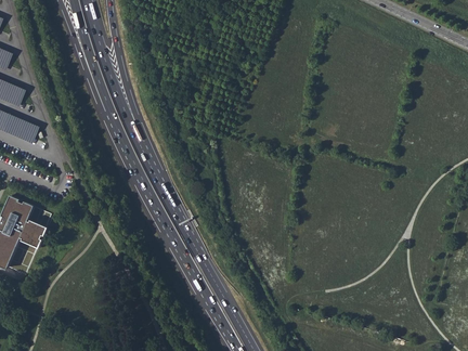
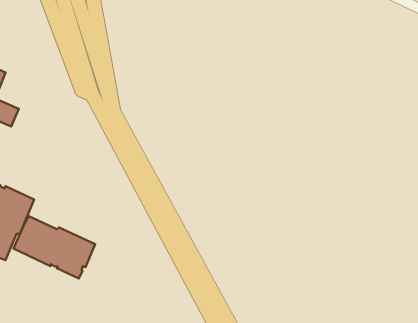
building: none -> [13,216,95,279]

